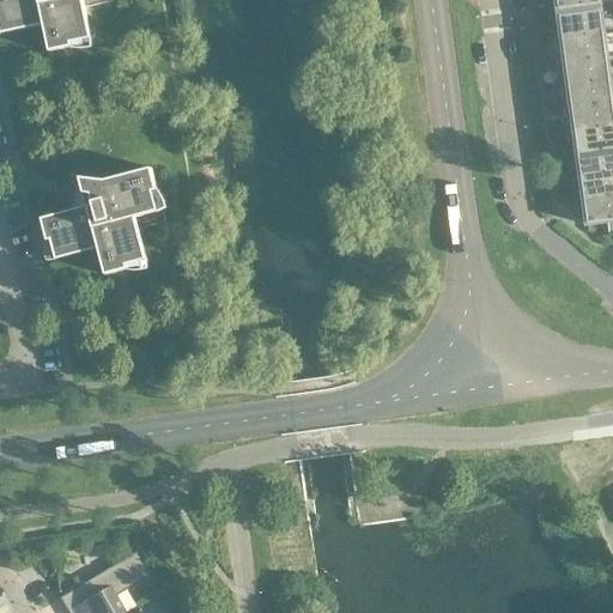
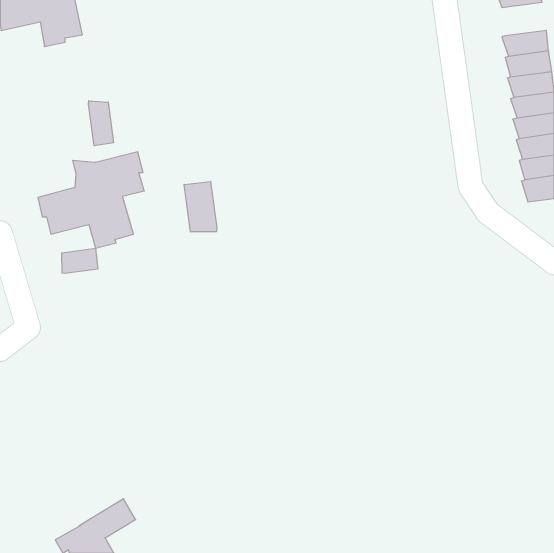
building: [551,10,603,40] -> none
building: none -> [89,101,113,146]
building: none -> [184,181,217,232]
building: none -> [62,248,98,273]

